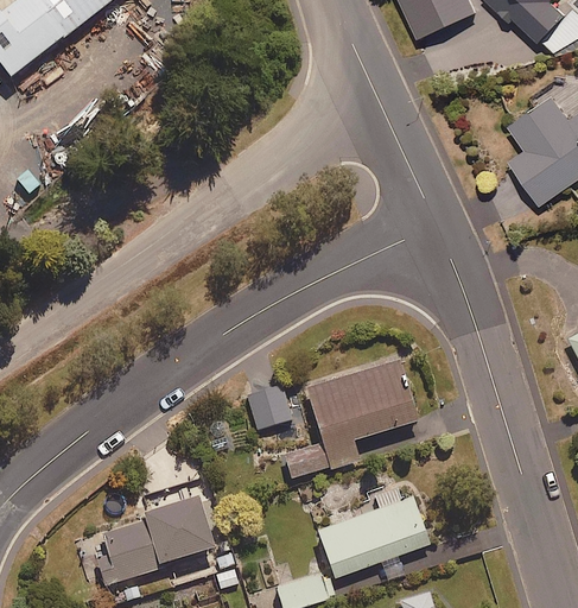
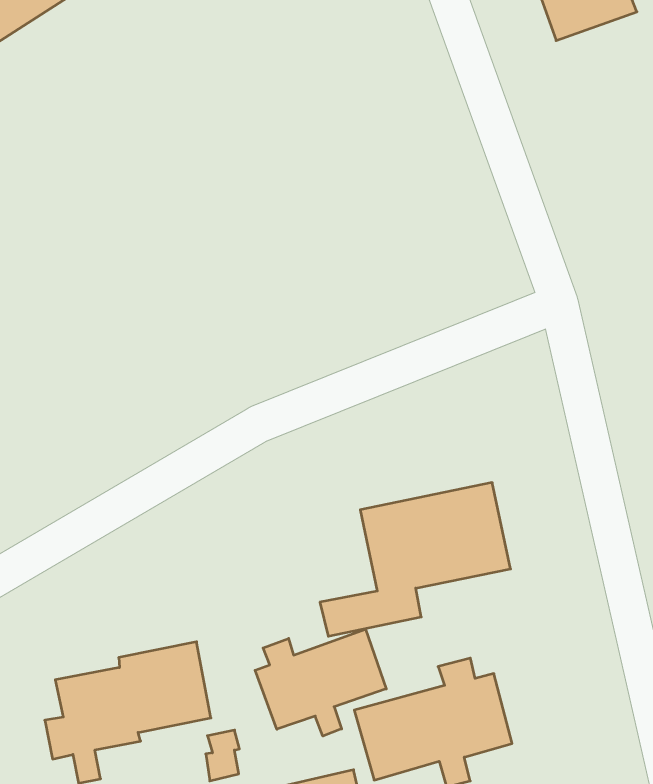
building: [246,385,292,430] -> none
building: none -> [255,629,386,736]

